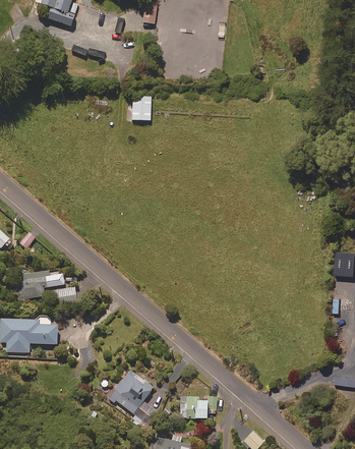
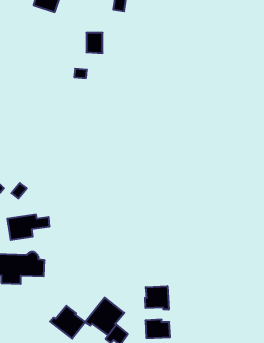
building: [130,97,150,121] -> [86,33,103,53]
building: none -> [145,286,169,310]
building: none -> [50,306,85,339]

